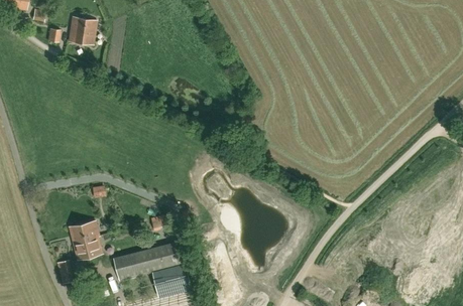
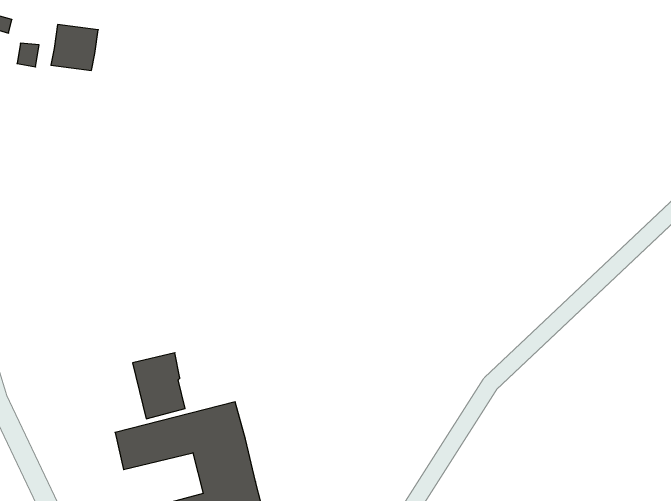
building: [71,219,102,259] -> [133,353,185,419]

